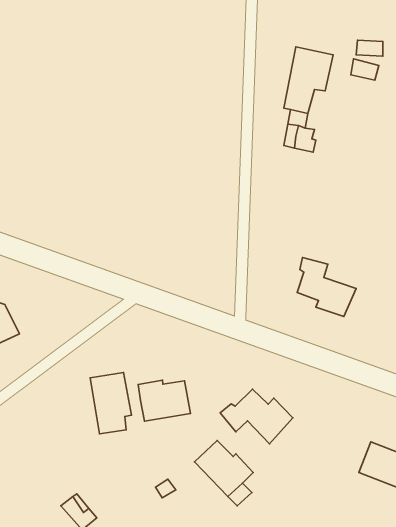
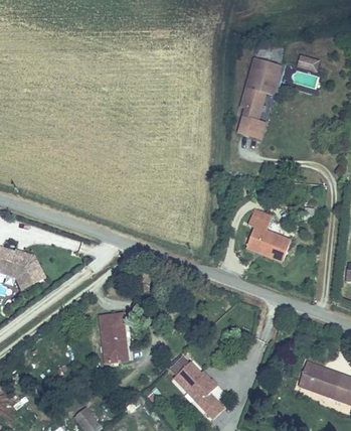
building: [138,380,190,421] -> none
building: [220,389,293,444] -> none

